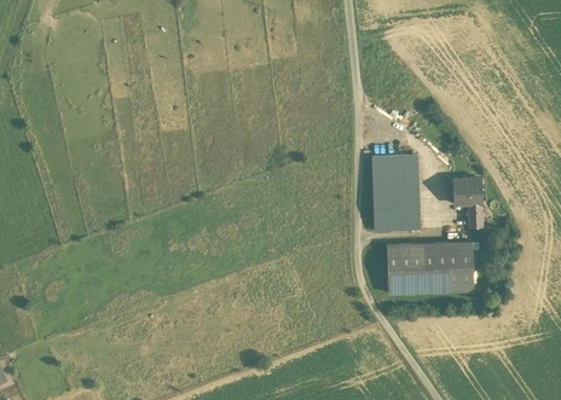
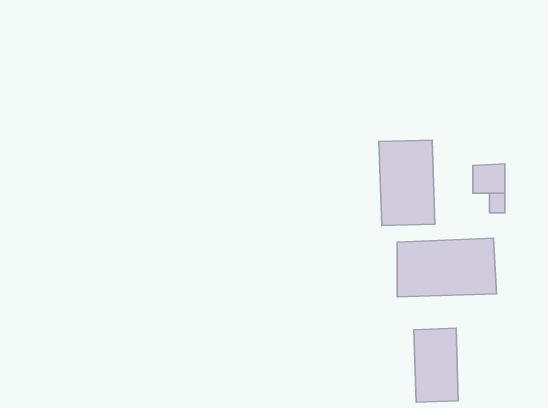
building: none -> [414,328,458,402]

